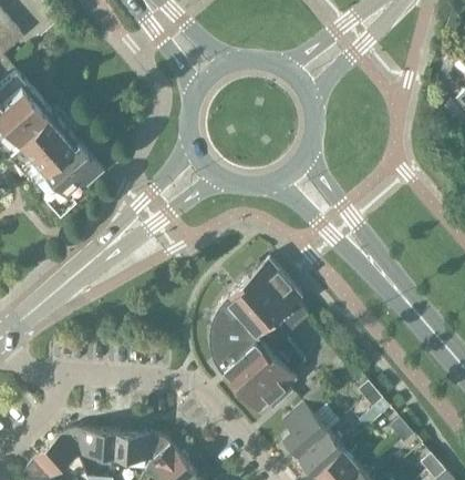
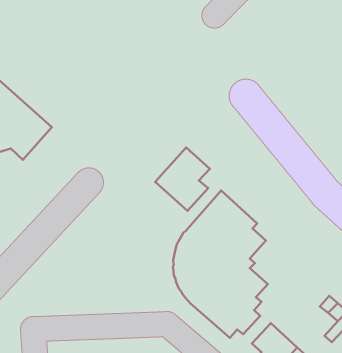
building: none -> [155,147,210,211]

